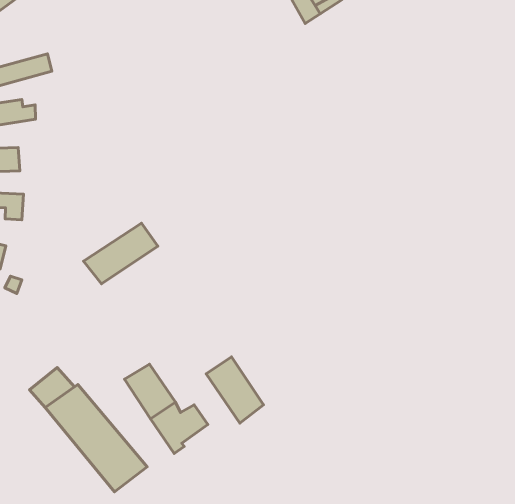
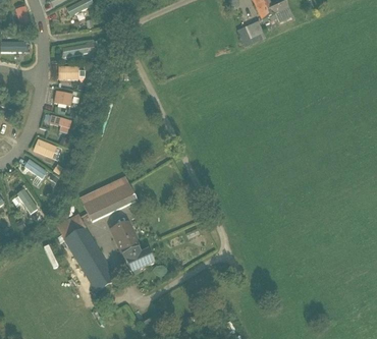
building: [84,223,158,284] -> [84,188,126,219]
building: [206,357,263,423] -> none

